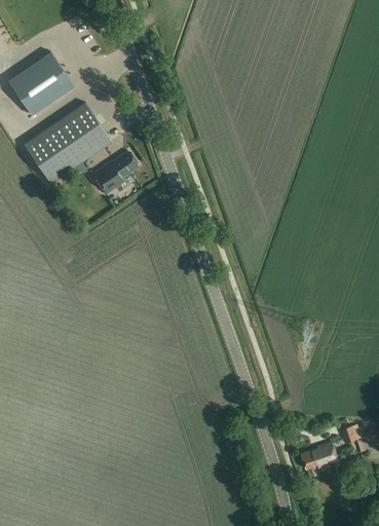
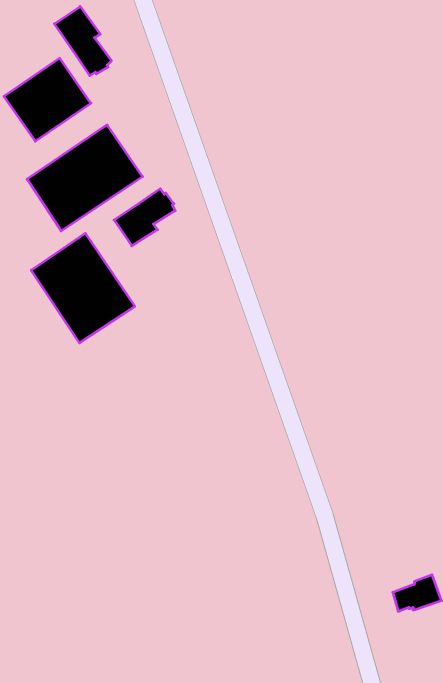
building: none -> [54,6,111,76]
building: none -> [31,233,135,343]

